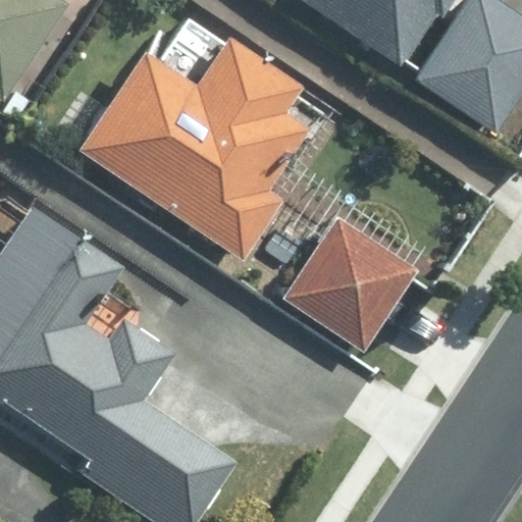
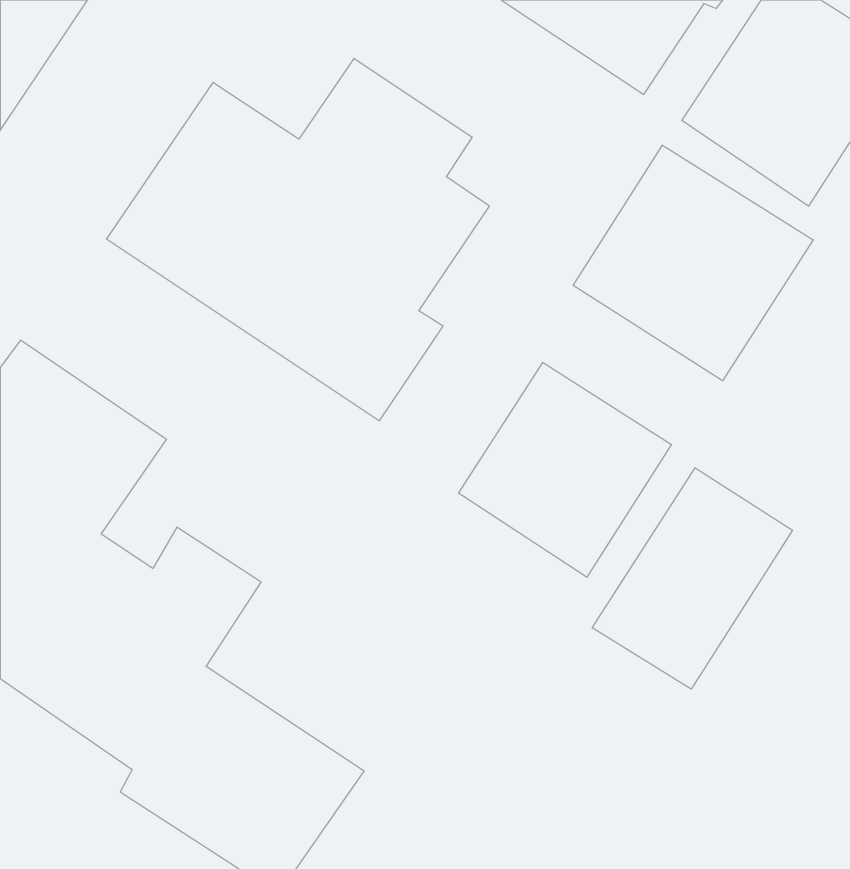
building: none -> [573,145,813,381]
building: none -> [592,468,792,689]

